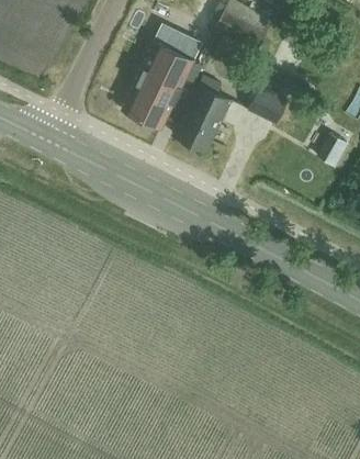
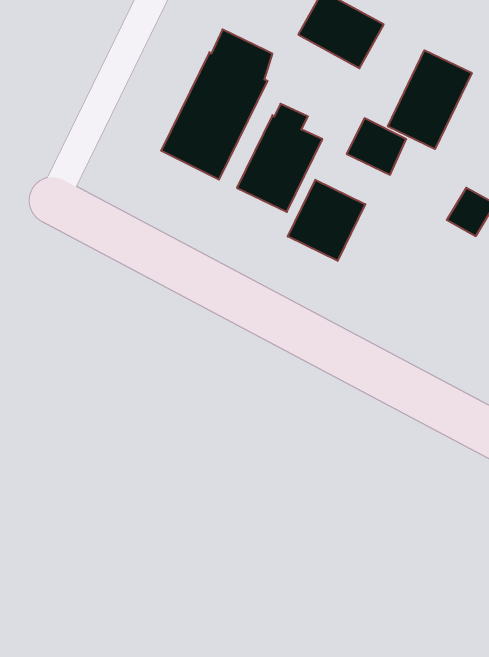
building: none -> [388,50,472,149]
building: none -> [288,180,365,261]

